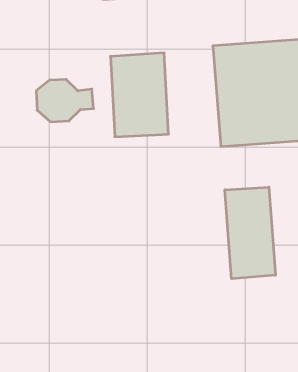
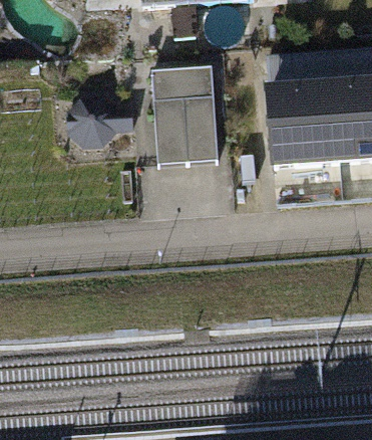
building: [225,187,275,279] -> none

